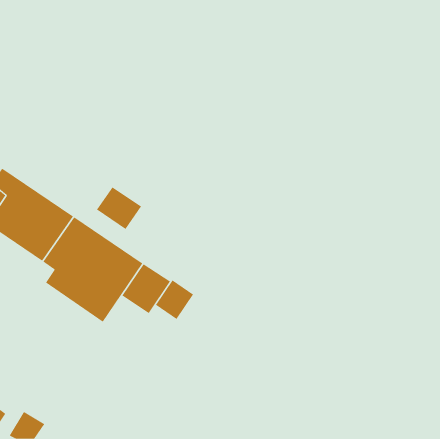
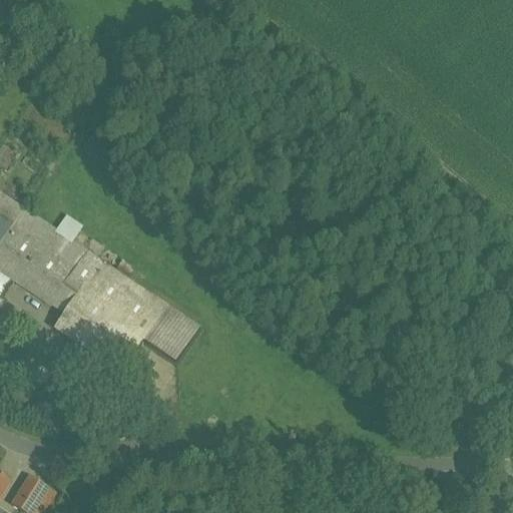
building: [96,186,142,230] -> none
building: [155,279,194,320] -> none

